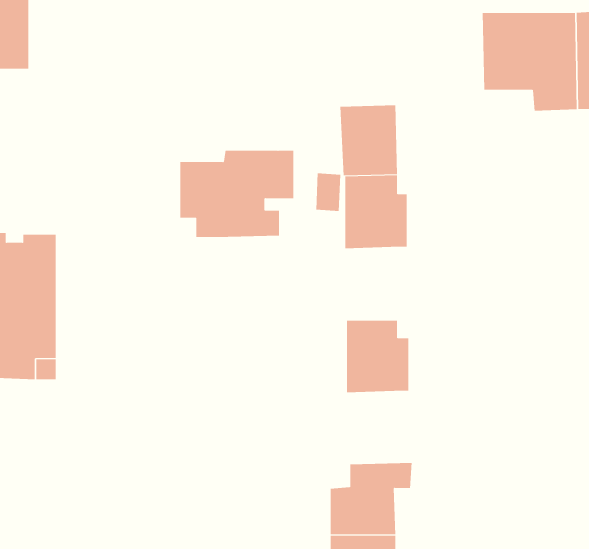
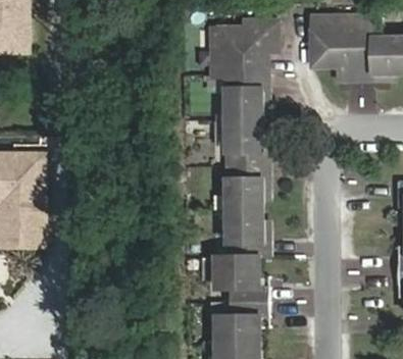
building: [179,150,294,238] -> [202,19,274,74]
building: none -> [225,164,266,210]
building: none -> [215,255,268,301]

